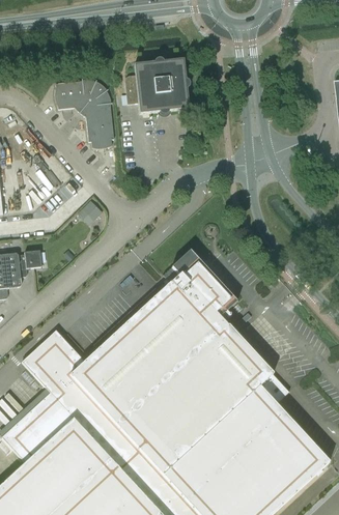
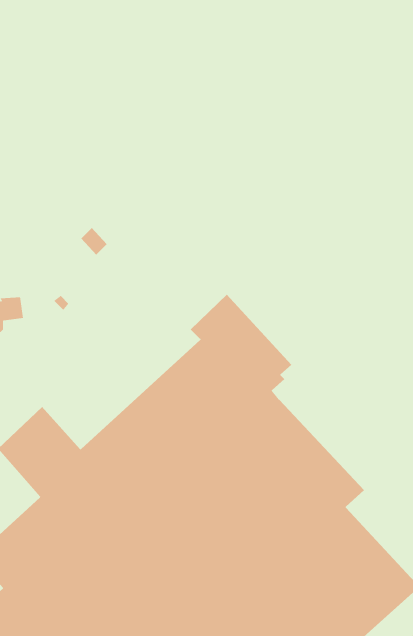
building: [124,57,193,117] -> none
building: [55,80,114,148] -> none

